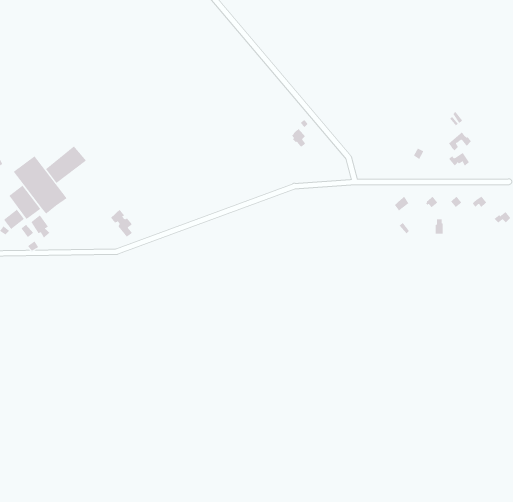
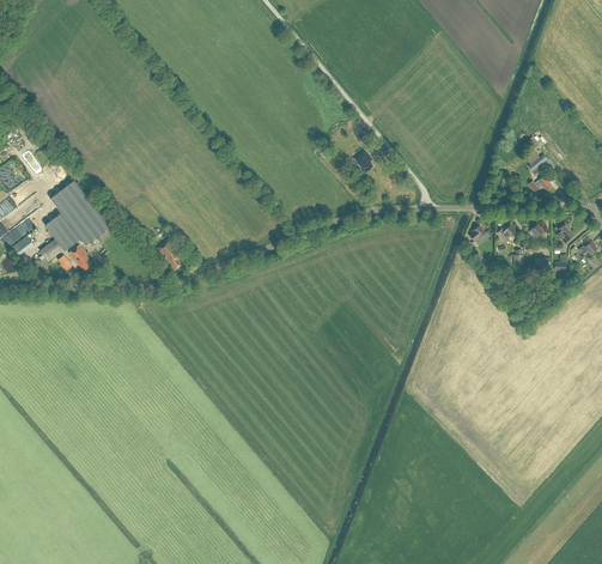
building: [45,146,87,184] -> none

